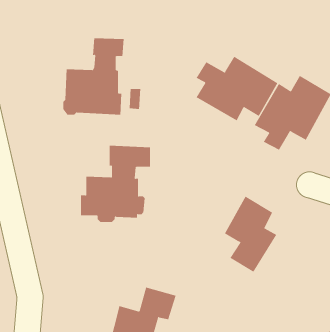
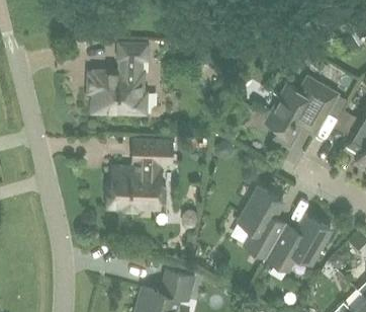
building: [196,56,278,121] -> none
building: none -> [266,216,331,270]

